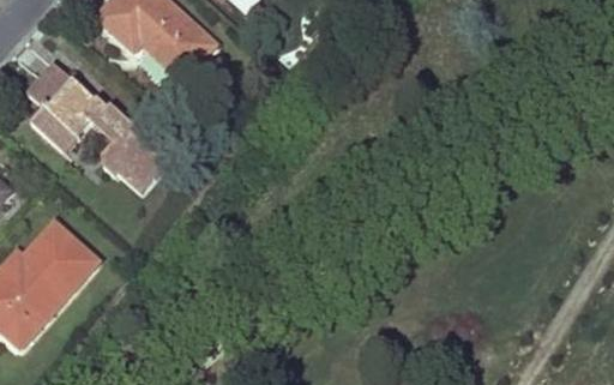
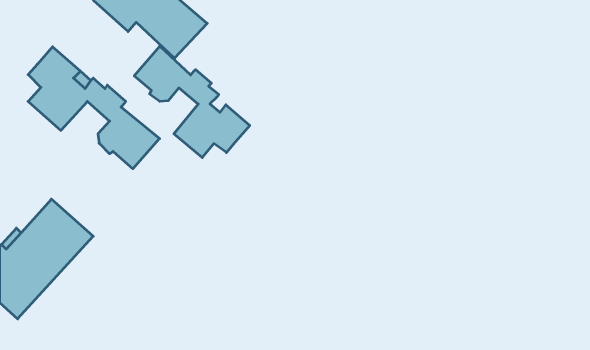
building: none -> [134,46,250,158]

